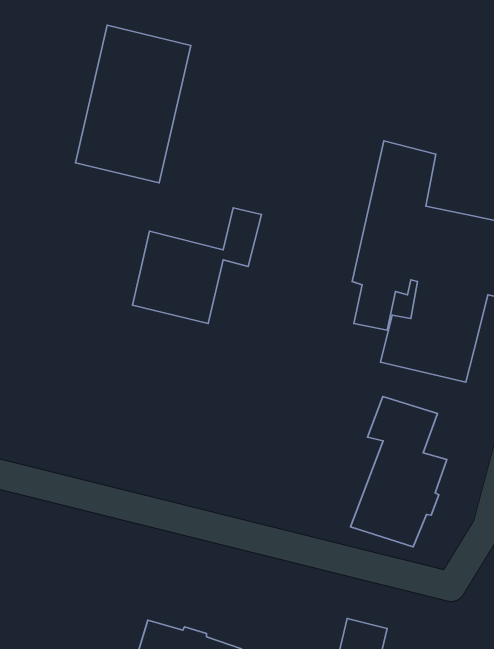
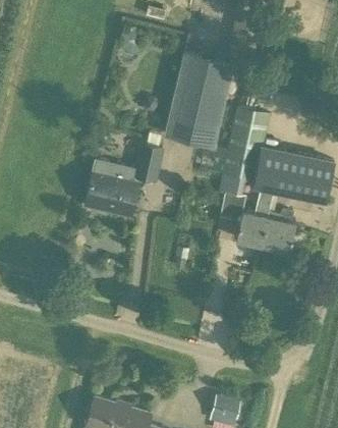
building: [75,25,191,183] -> [164,53,234,149]
building: [351,396,447,547] -> none

